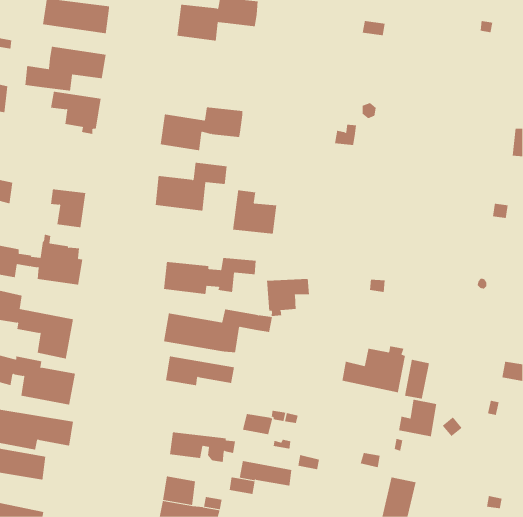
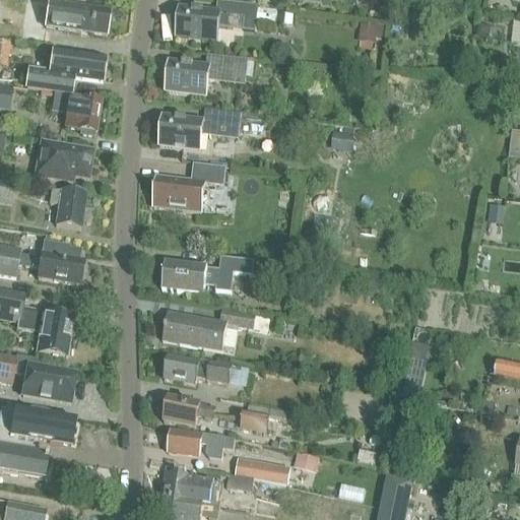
building: none -> [166,50,247,94]
building: none -> [35,138,92,179]
building: [233,190,277,234] -> none
building: [267,278,310,317] -> none
building: [342,345,406,393] -> none
building: none -> [162,393,215,425]
building: [398,399,437,437] -> none

